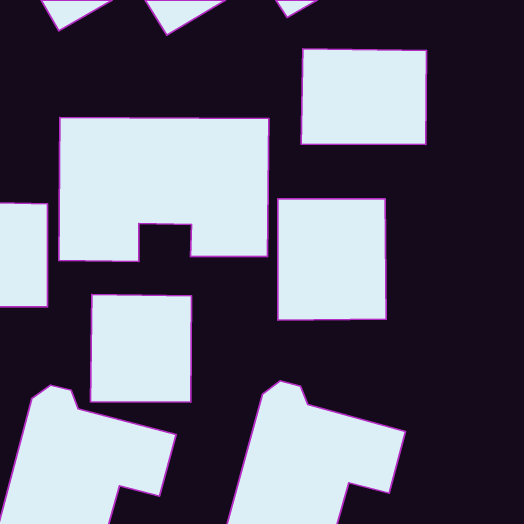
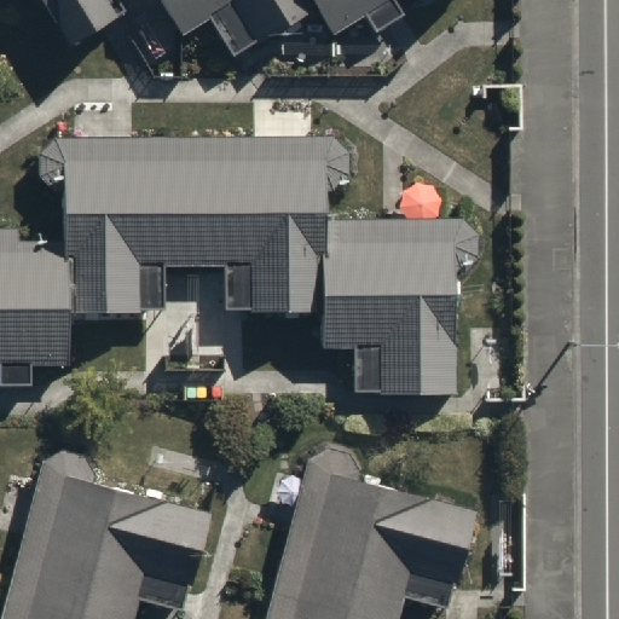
building: [301,49,426,145] -> none
building: [91,294,191,402] -> none

